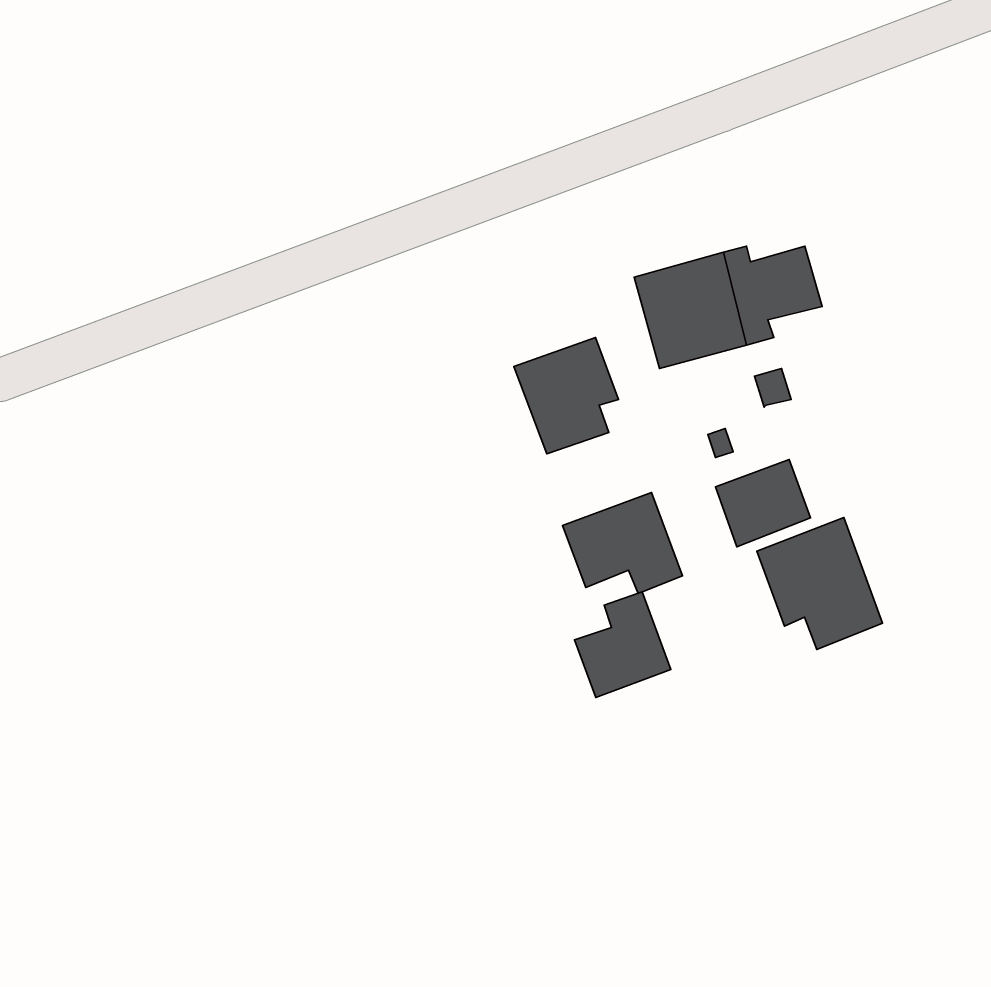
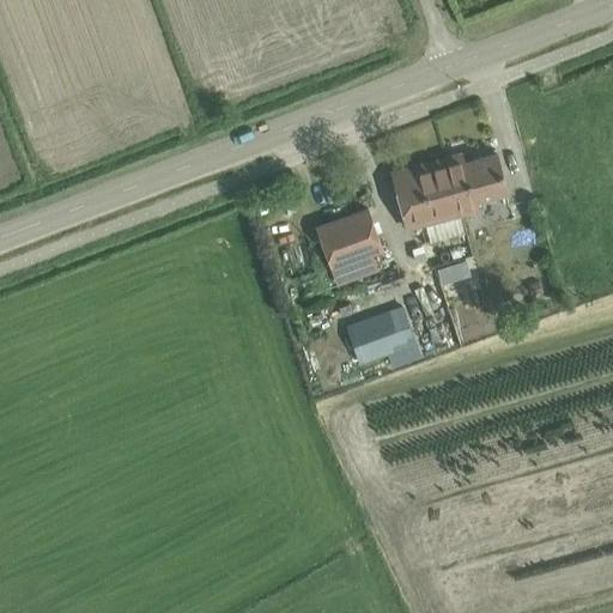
building: [757,517,882,649] -> none
building: [575,592,671,697] -> none

